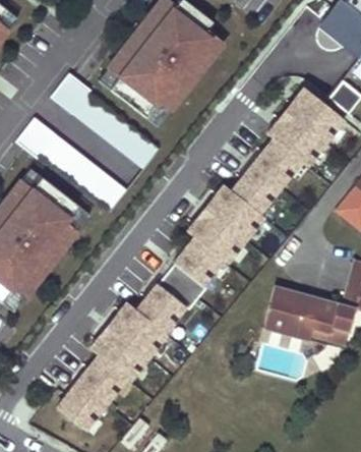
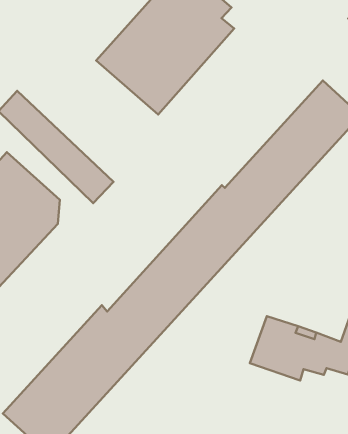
building: [50,74,160,180] -> none

